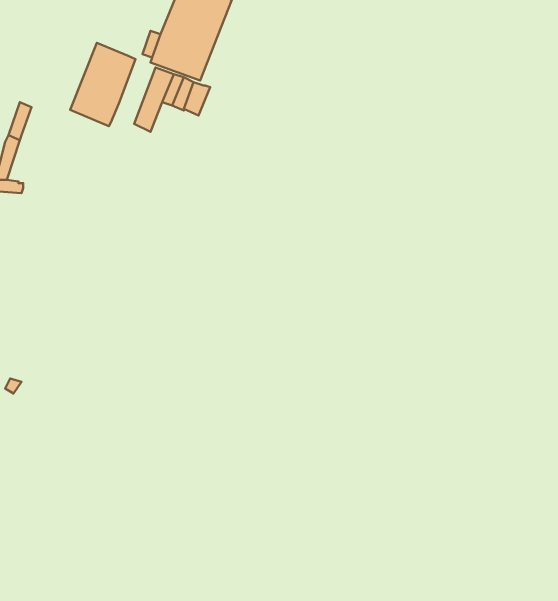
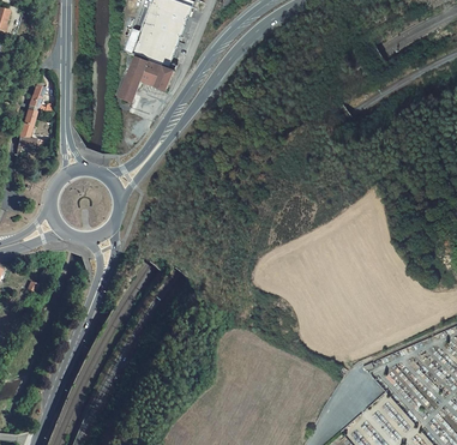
building: [70,43,136,126] -> none

